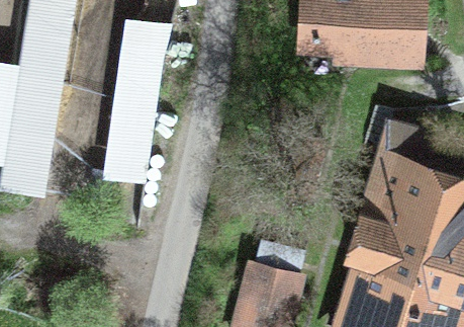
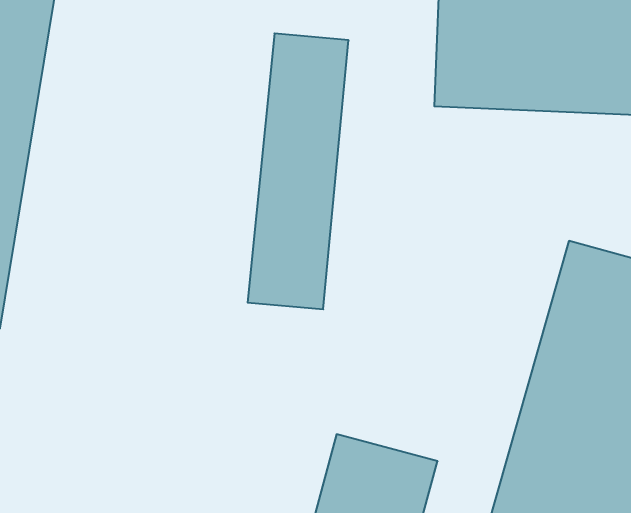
building: [108,10,169,176] -> [248,33,349,309]

